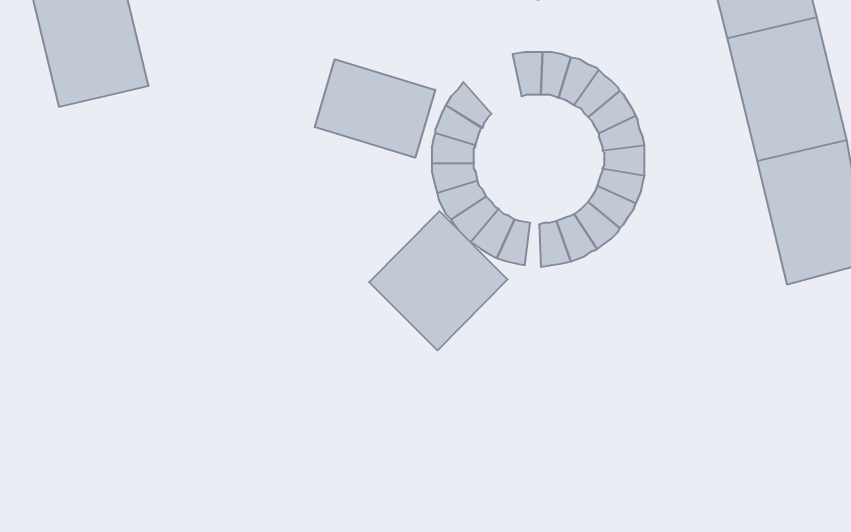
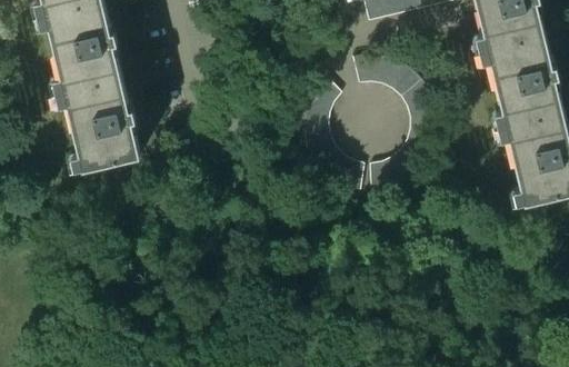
building: [315,59,435,158] -> none
building: none -> [63,76,138,167]
building: [369,211,508,350] -> none

